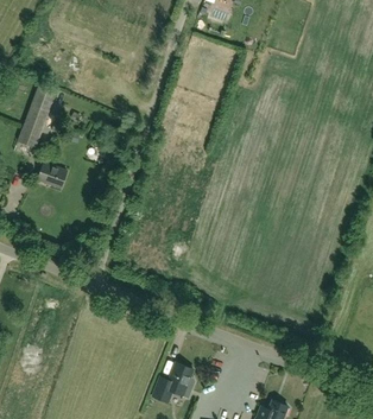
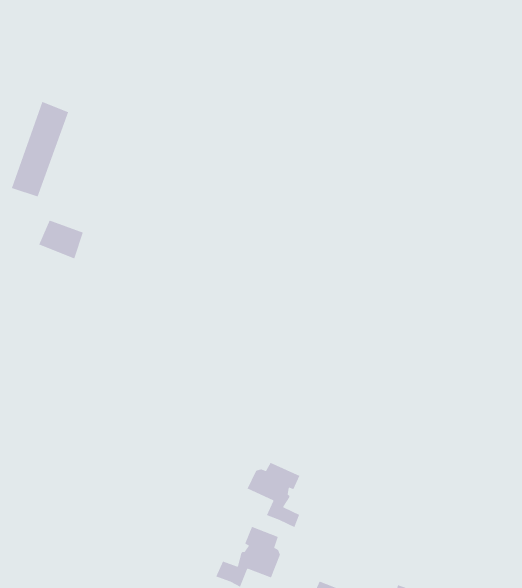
building: none -> [246,462,301,528]

